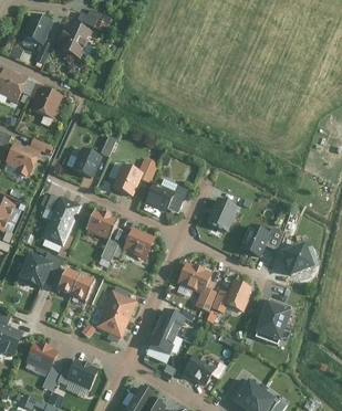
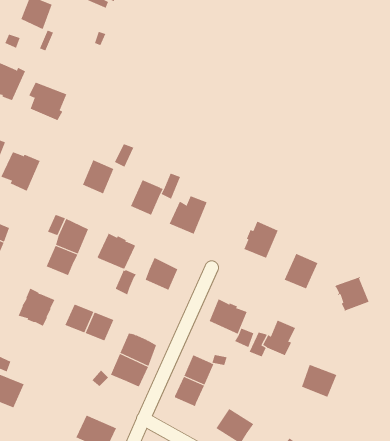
building: [58,21,90,55] -> none
building: [261,298,291,326] -> none
building: [28,342,60,371] -> none

